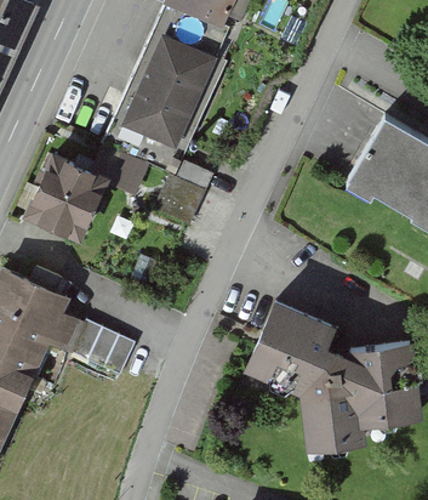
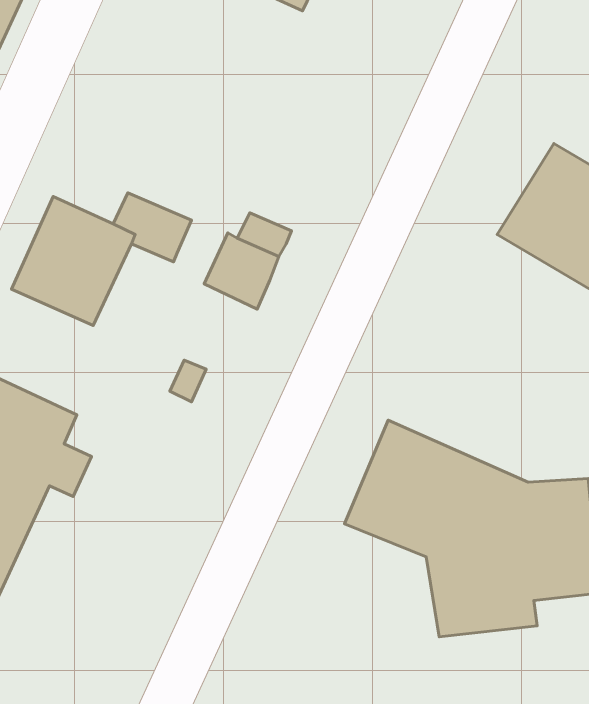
building: [120,33,216,148] -> none
building: [70,324,133,377] -> none

